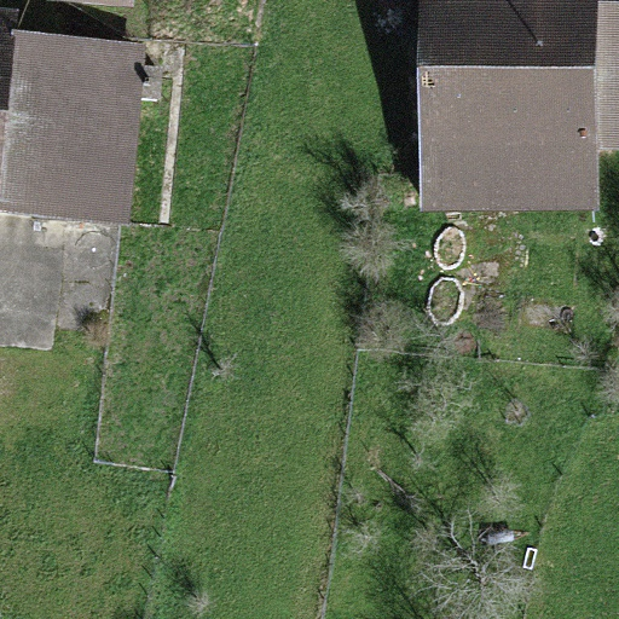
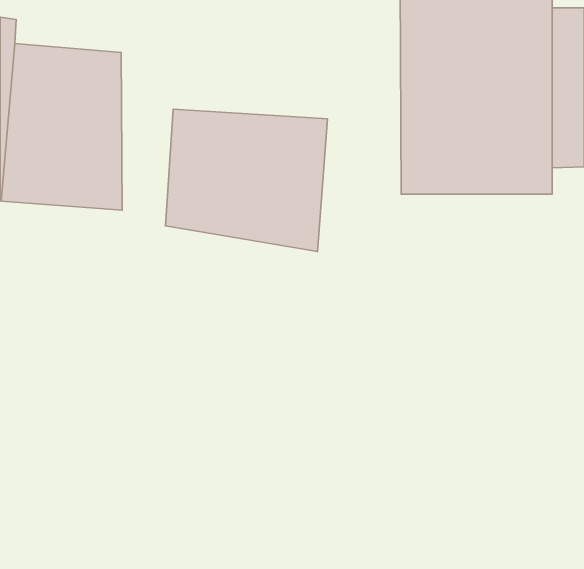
building: none -> [165,109,327,252]

